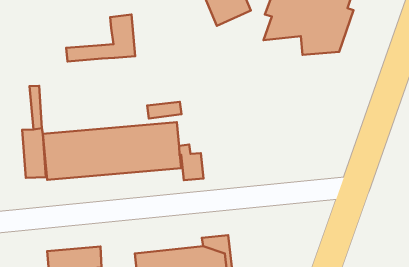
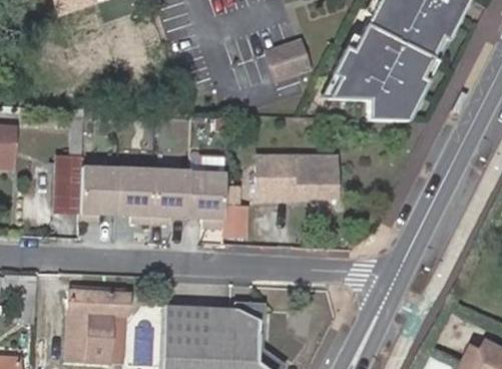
building: [66,15,135,62] -> none
building: none -> [257,156,333,197]

